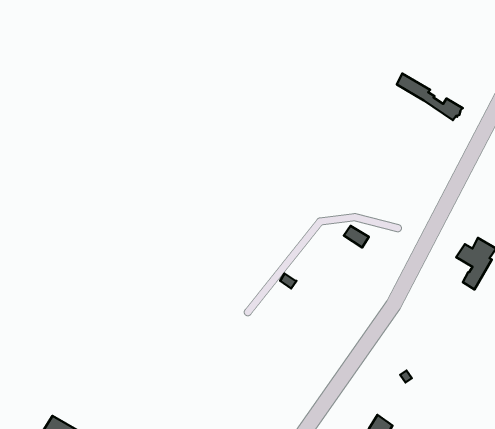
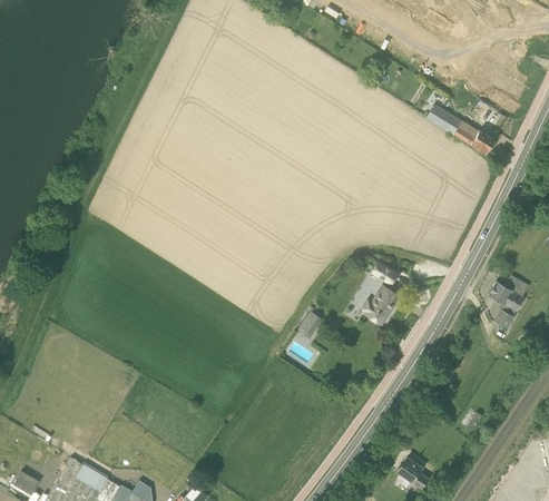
building: none -> [362,286,399,325]

